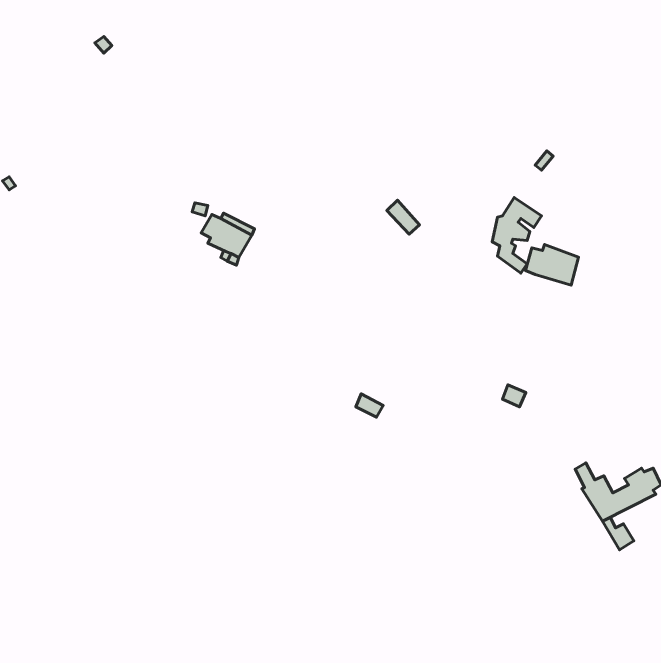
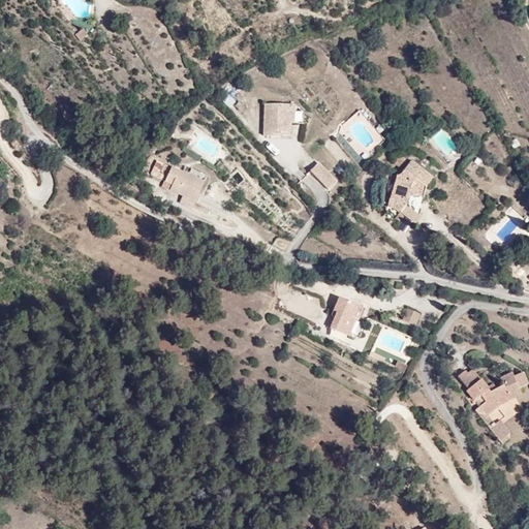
building: none -> [264,111,294,143]
building: [525,244,578,285] -> none
building: none -> [329,293,363,330]

